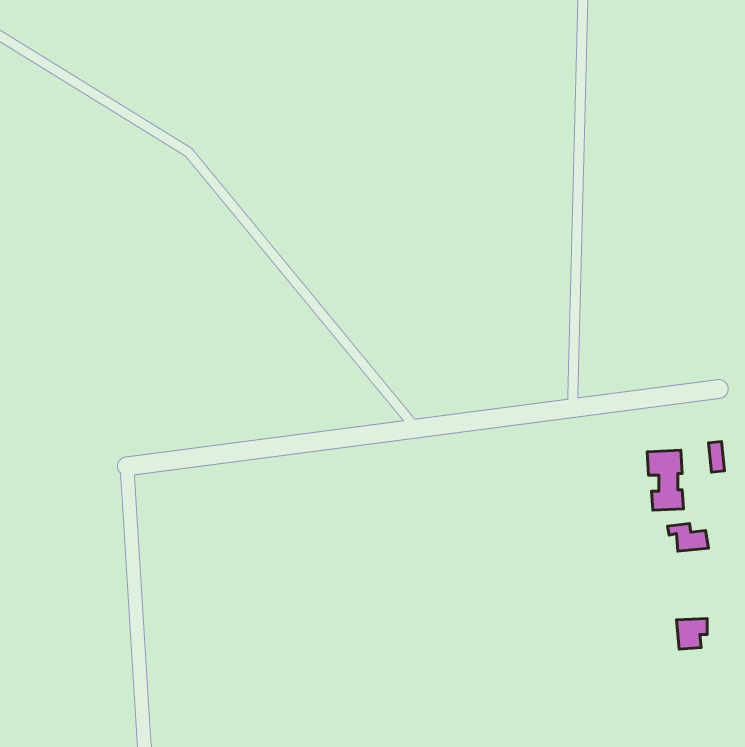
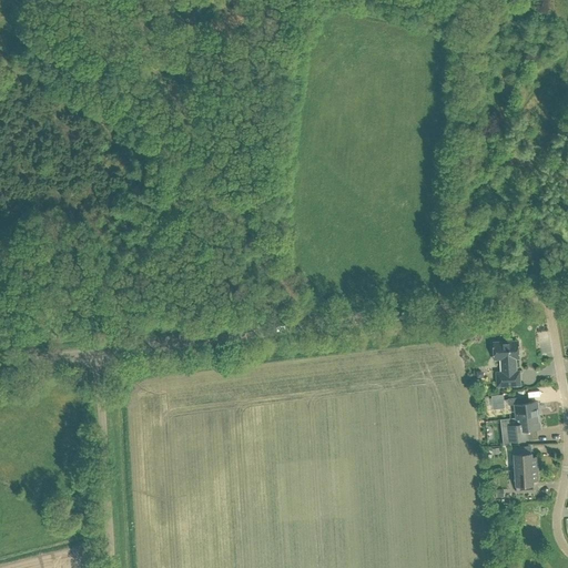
building: none -> [508,416,539,443]
building: none -> [513,448,537,470]

